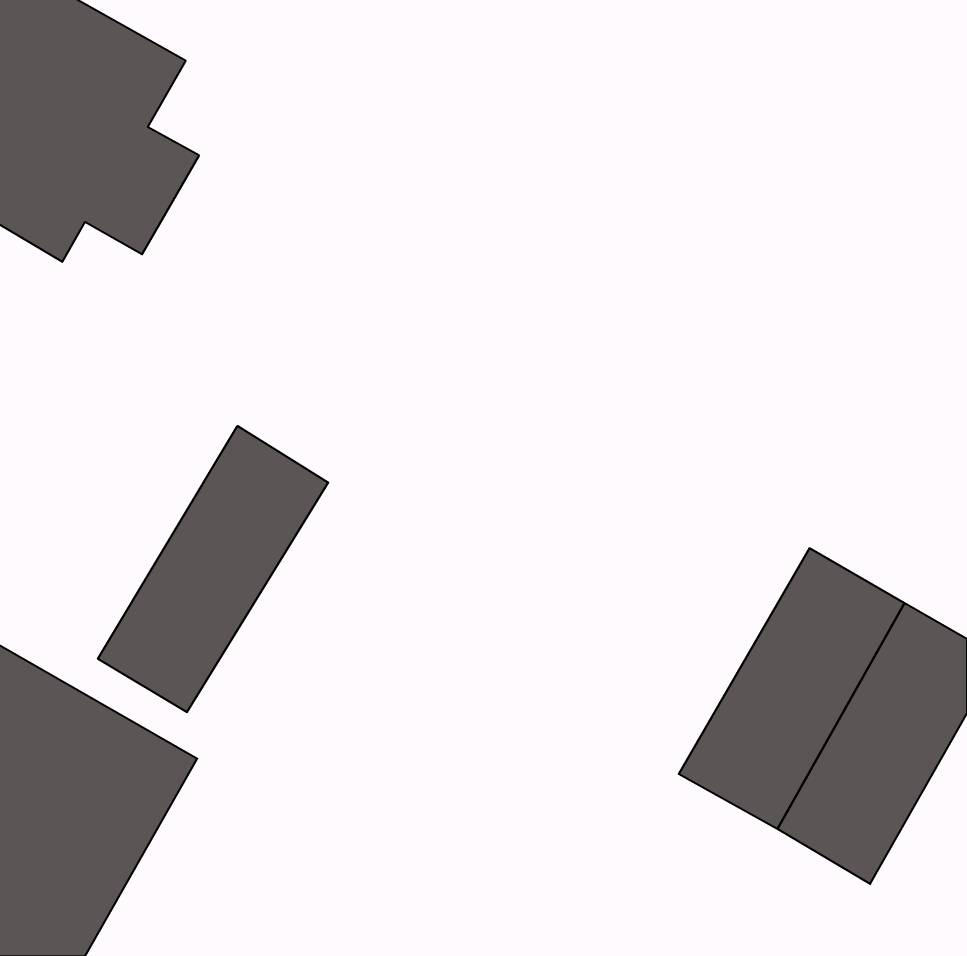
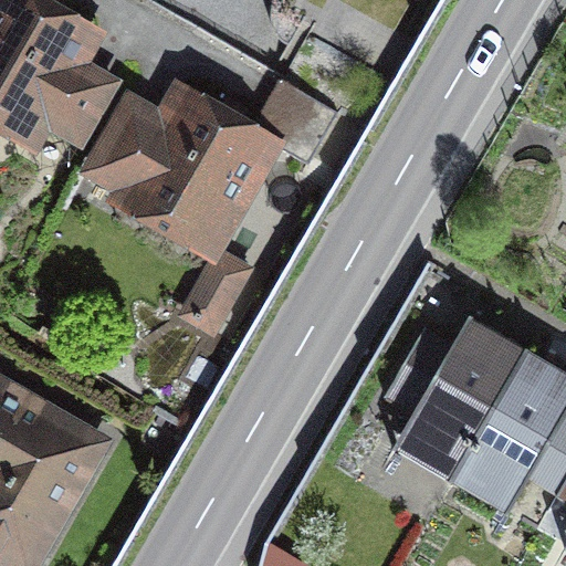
building: none -> [94,73,334,245]
building: [98,426,328,712] -> none

